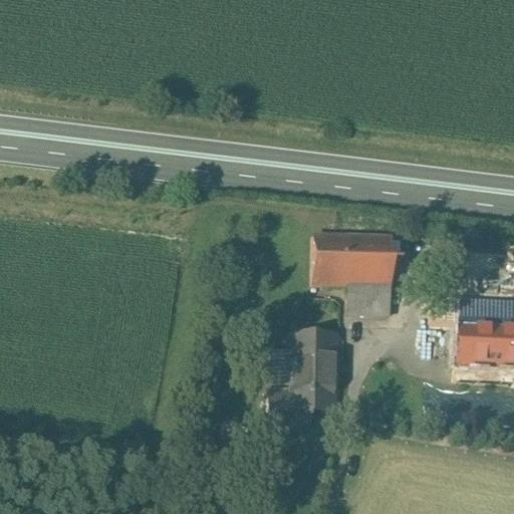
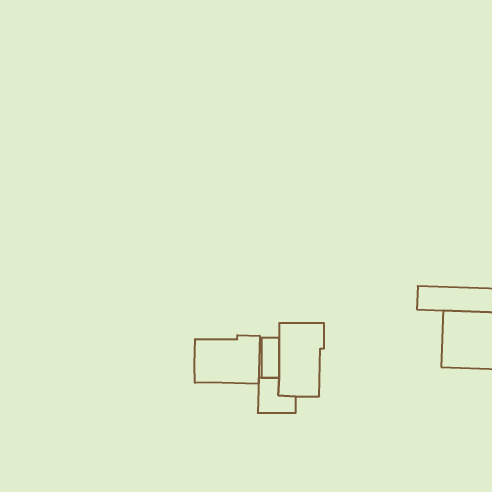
building: [316,231,396,311] -> none
building: none -> [194,335,260,384]

